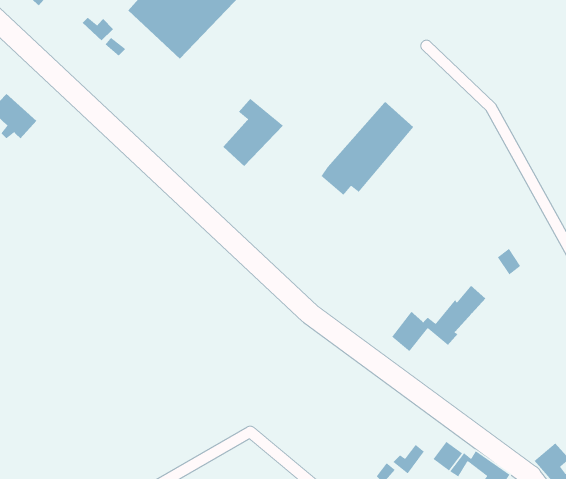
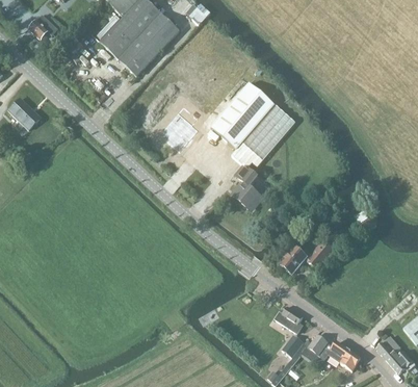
building: none -> [210,83,275,149]
building: none -> [234,169,259,209]
building: none -> [276,306,304,334]

